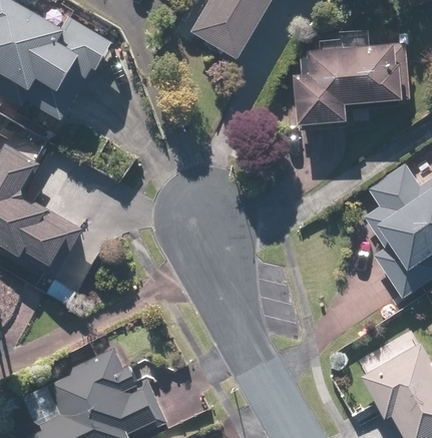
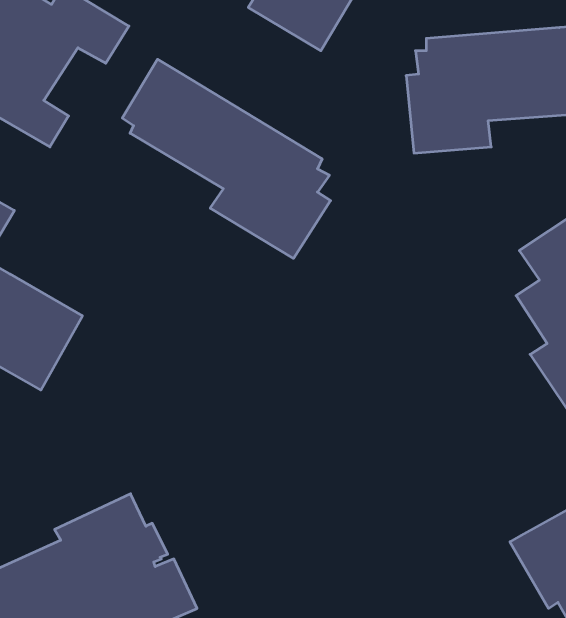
building: none -> [122,59,331,258]

